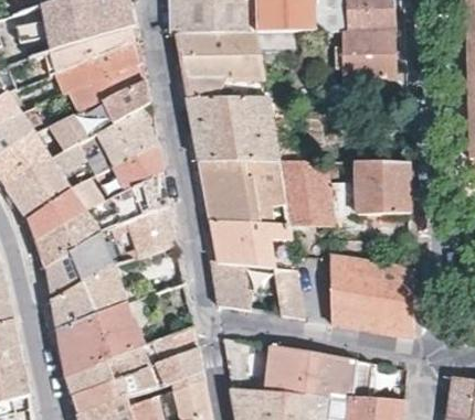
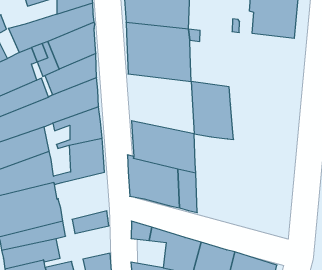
building: [198,161,286,224] -> none
building: [326,162,408,216] -> none
building: [328,257,411,336] -> none
building: [135,347,201,394] -> none

